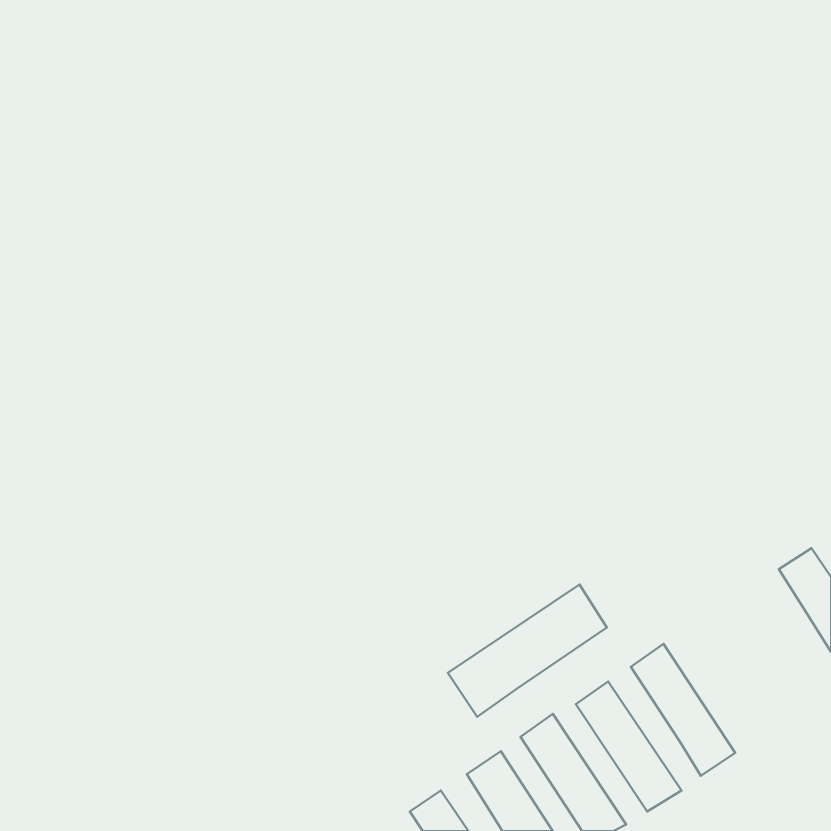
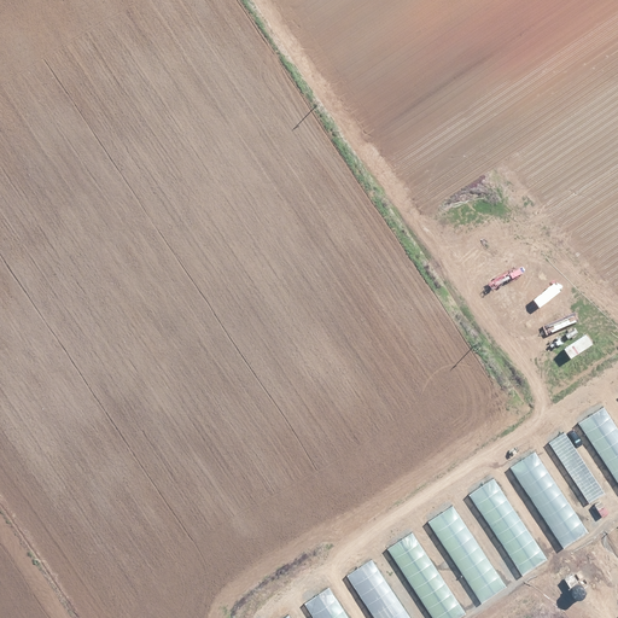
building: none -> [547,431,605,505]
building: [448,584,607,717] -> none
building: none -> [511,453,585,548]

